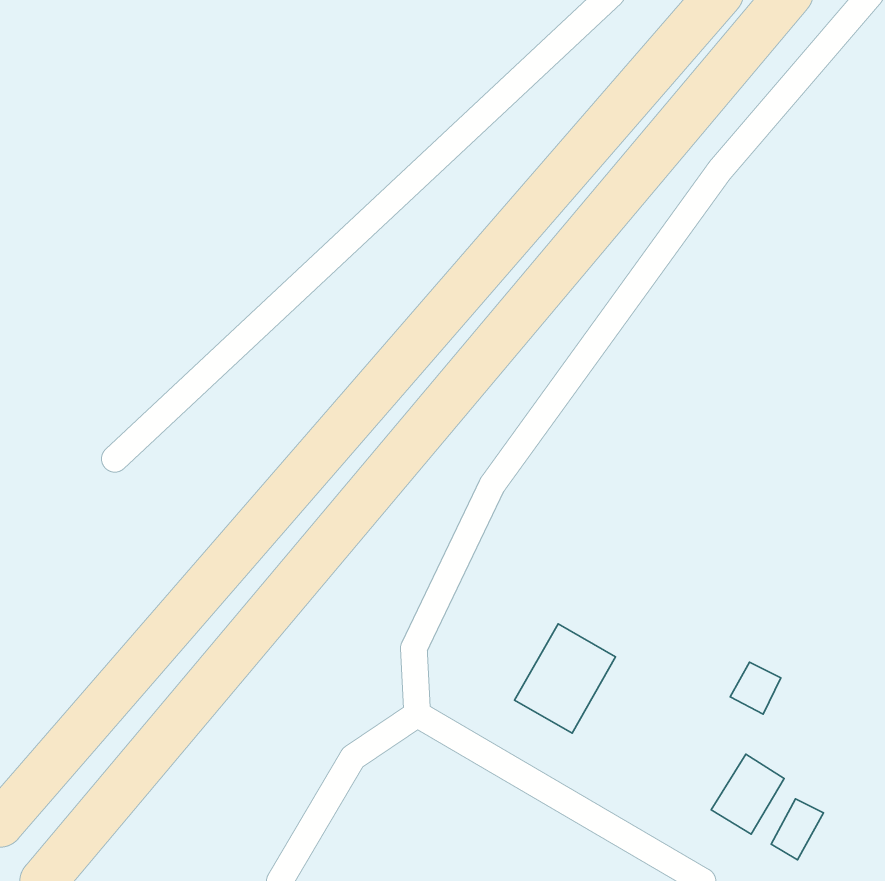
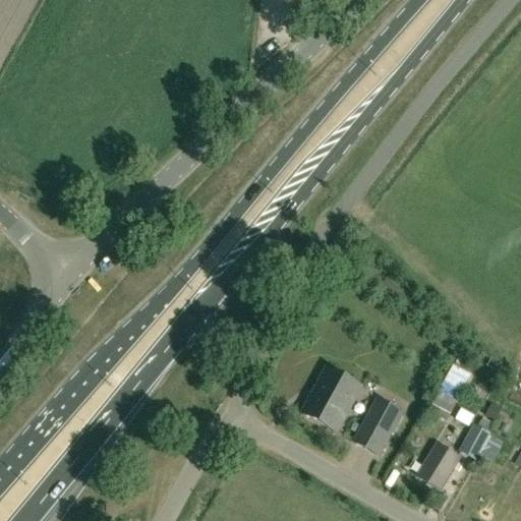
building: none -> [356,397,402,452]
building: [771,799,823,860] -> [461,422,491,458]

